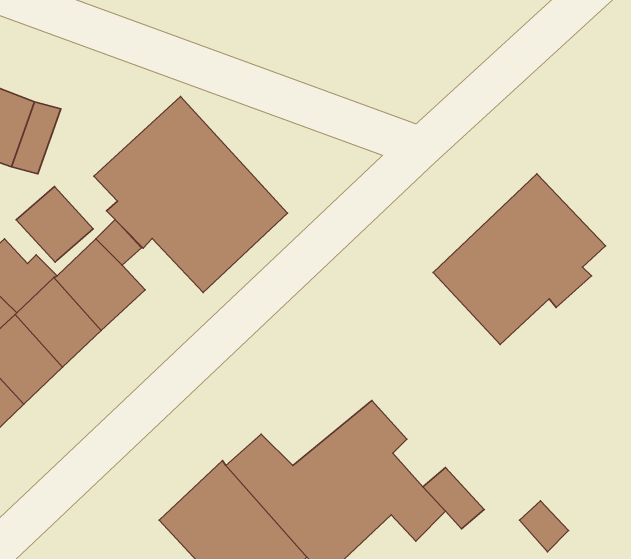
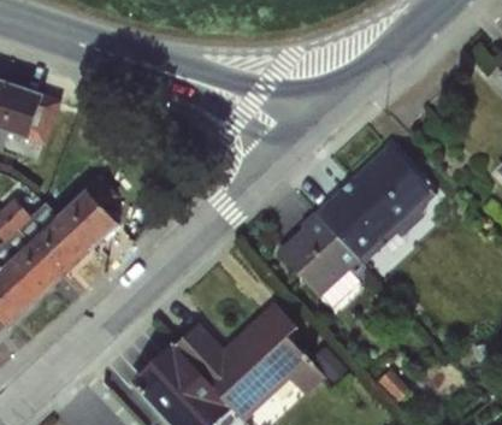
building: [94,97,288,293] -> none
building: [16,186,93,262] -> none
building: none -> [277,213,362,307]

